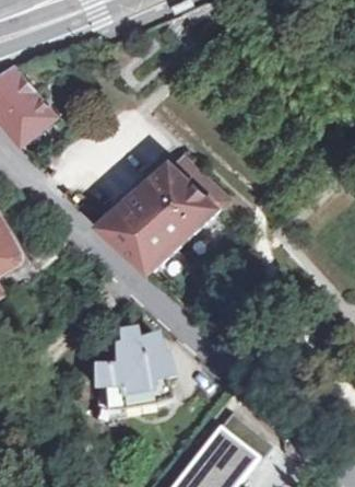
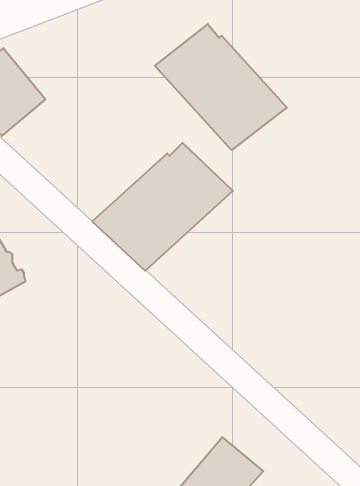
building: none -> [155,24,287,150]
building: [95,332,175,409] -> none

